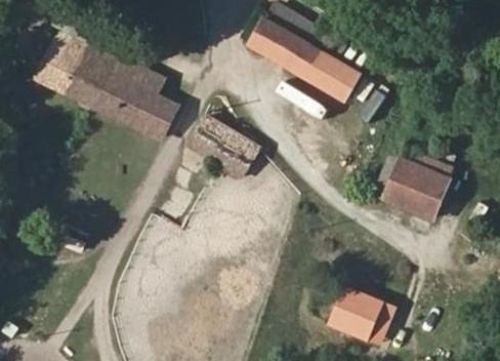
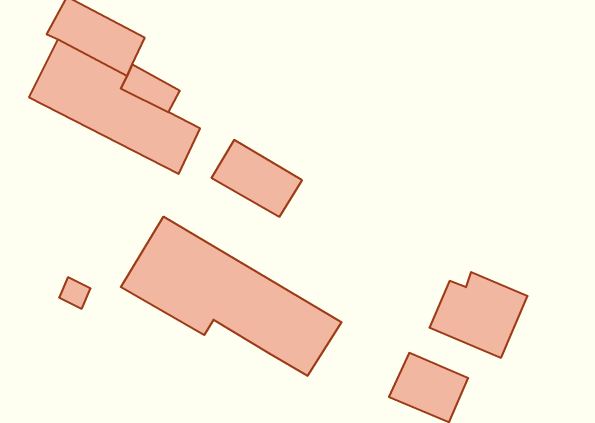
building: [251,6,364,105] -> none
building: [375,151,455,220] -> [429,272,528,358]
building: none -> [121,217,342,376]

